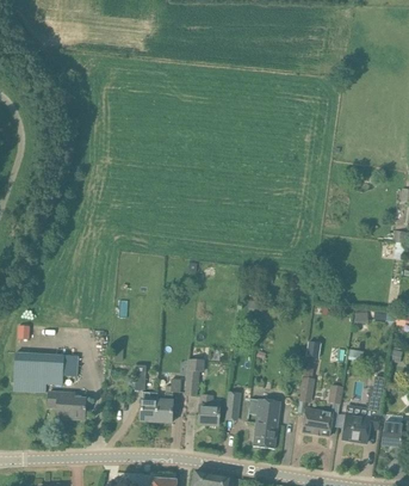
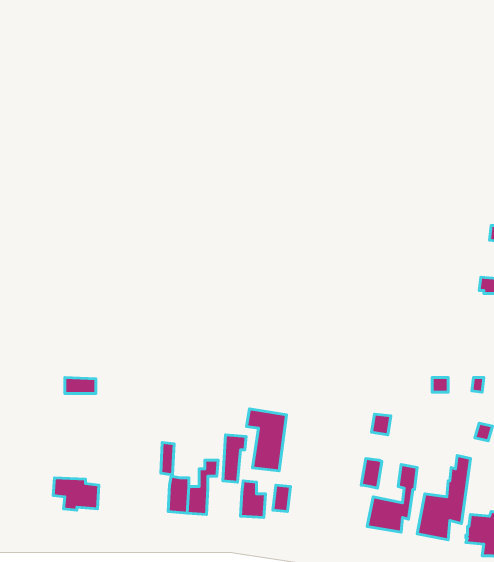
building: [13,351,78,392] -> none
building: [248,398,280,448] -> [247,409,286,471]

